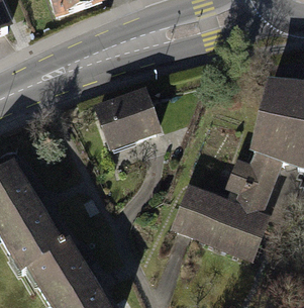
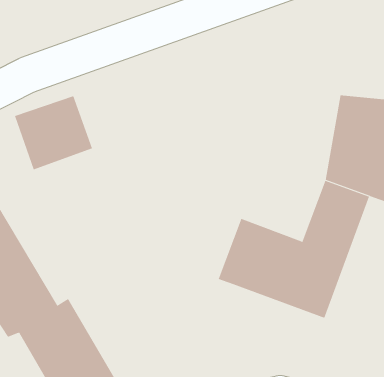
building: [94,88,153,143] -> [14,96,93,170]

